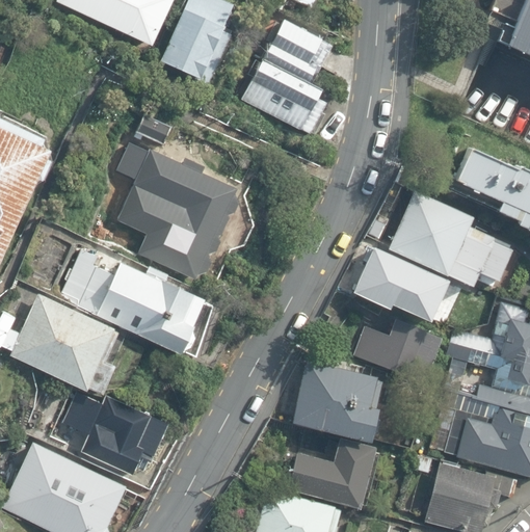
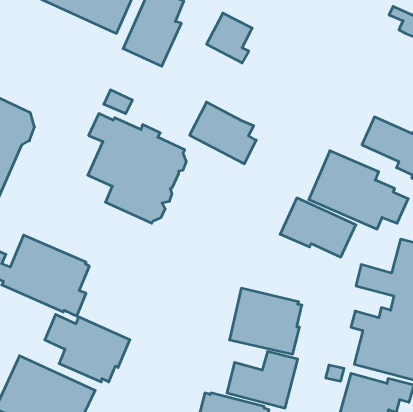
building: [242,59,324,135] -> [190,102,256,164]
building: [59,248,205,353] -> none
building: [354,320,442,381] -> none

